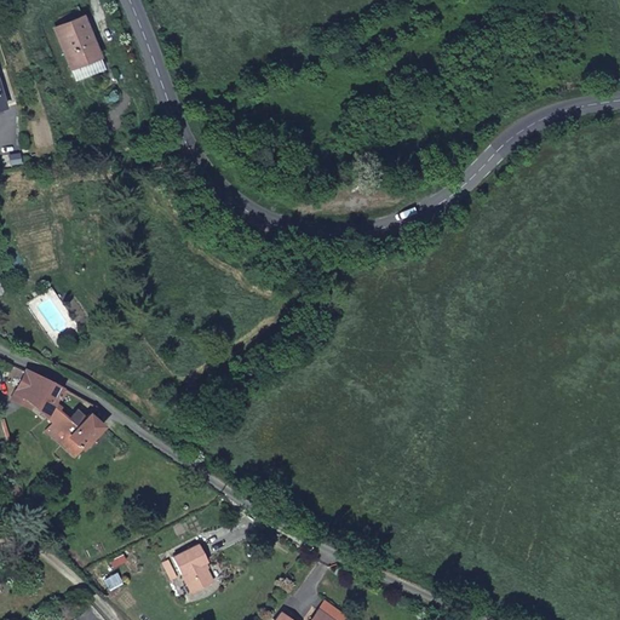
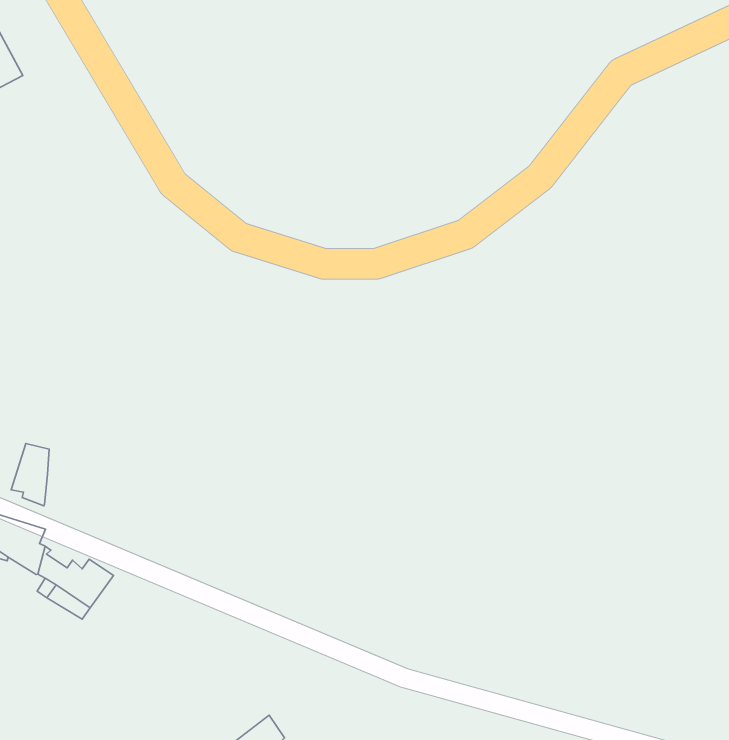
building: none -> [11,443,49,506]

